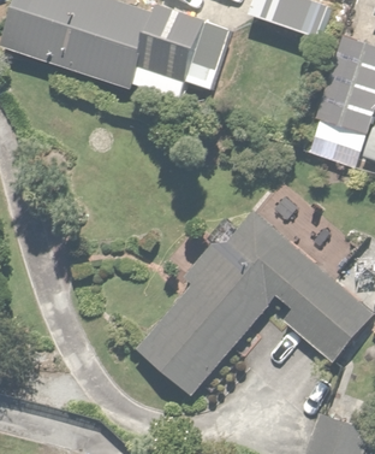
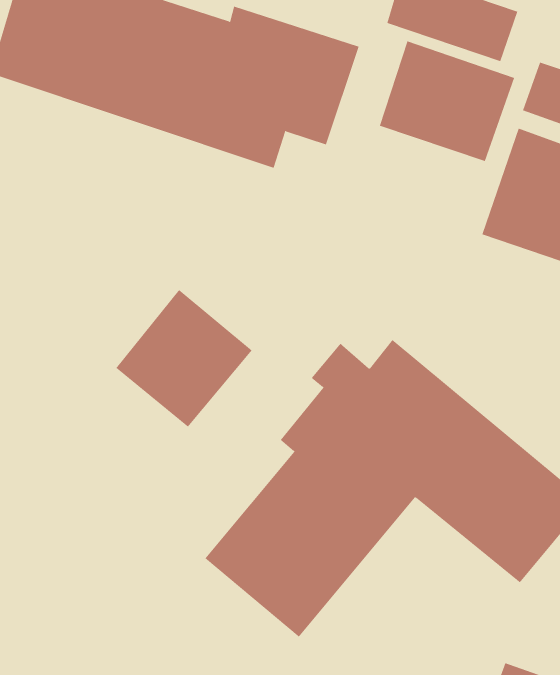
building: none -> [379,40,515,162]
building: none -> [115,289,252,427]

